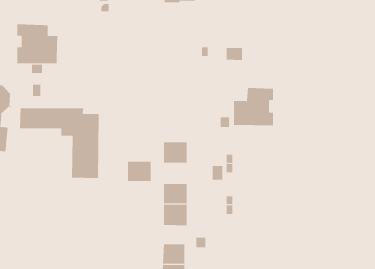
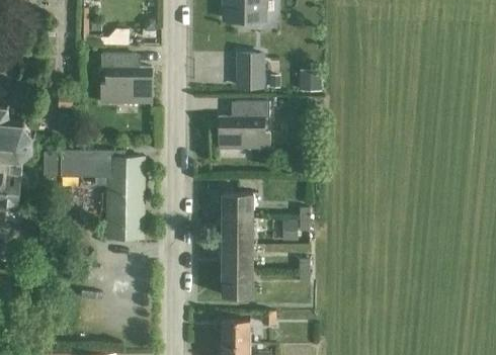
building: [17,24,58,69] -> [100,55,152,110]
building: none -> [238,55,262,88]
building: [233,88,274,126] -> [219,102,269,150]
building: [127,161,152,181] -> [222,219,252,245]

